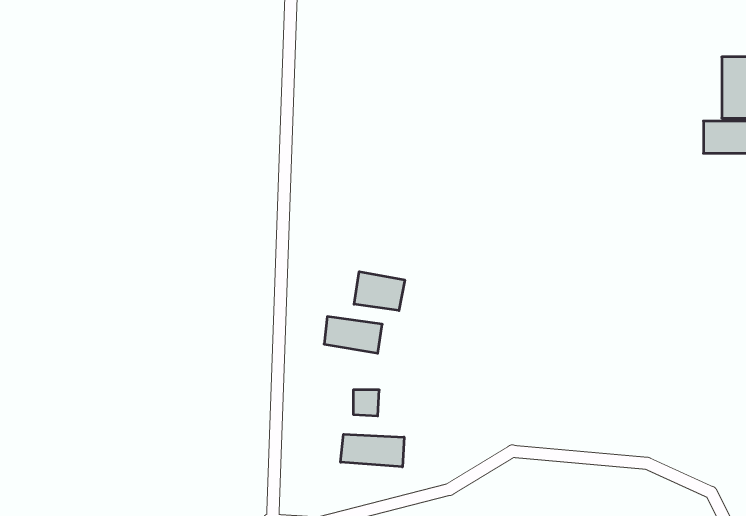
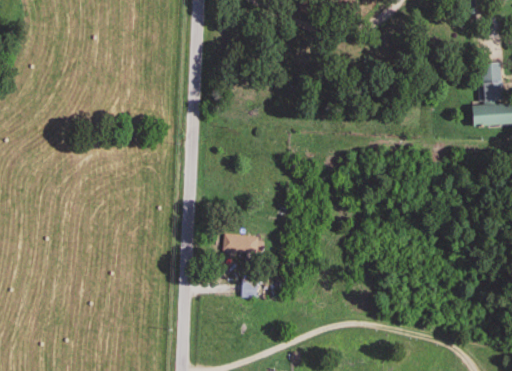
building: [354,272,405,311] -> none
building: [341,434,404,467] -> none

